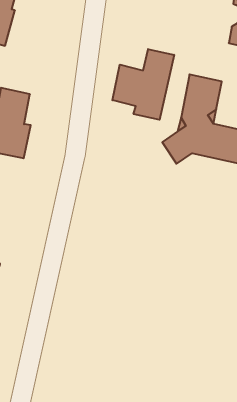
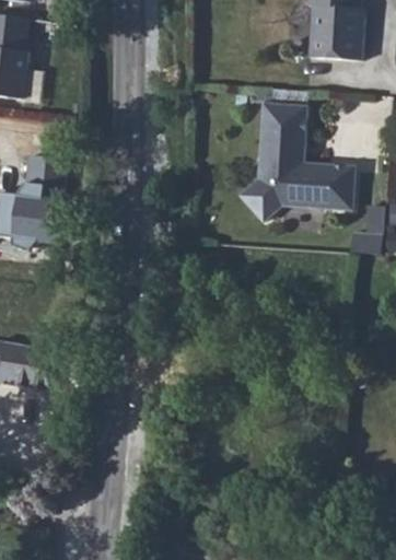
building: [112,49,174,120] -> none

